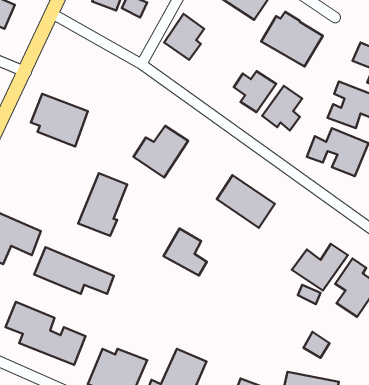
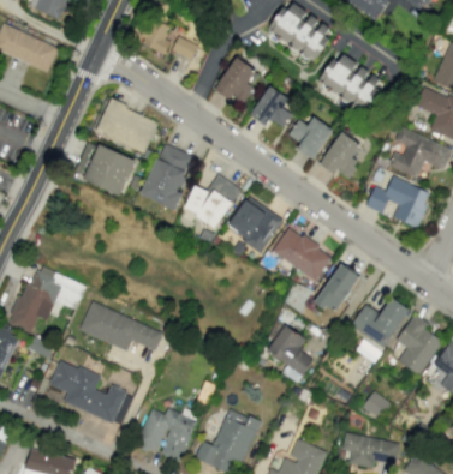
building: none -> [249,85,292,127]
building: none -> [95,101,157,151]
building: none -> [226,196,282,251]
building: [78,173,127,236] -> [141,143,192,209]
building: none -> [316,263,358,314]
building: [164,229,207,275] -> [266,324,311,373]

